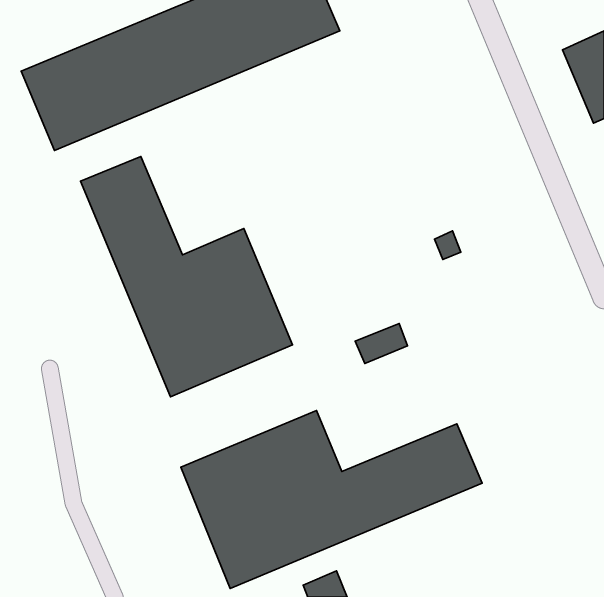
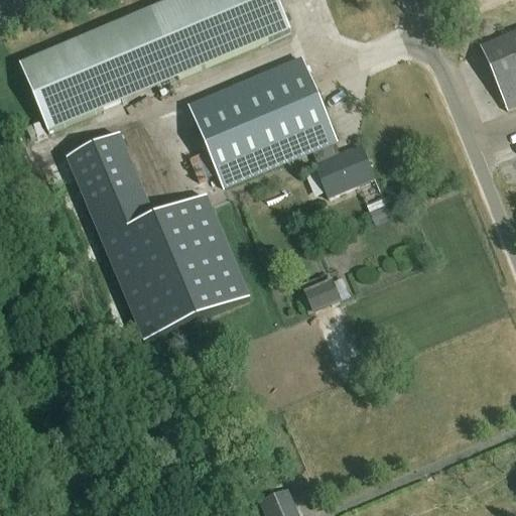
building: none -> [190,60,374,195]
building: [181,411,482,589] -> none

